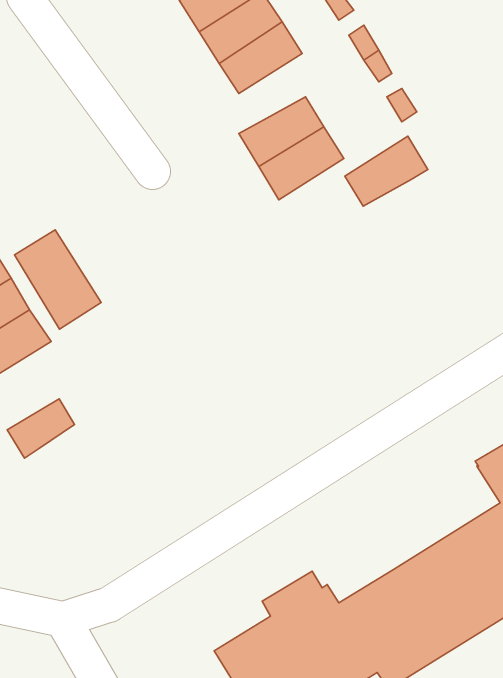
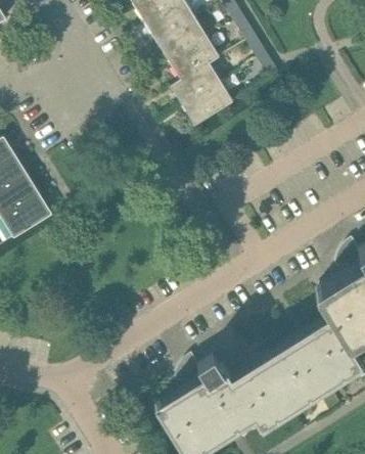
building: [345,136,428,206] -> [171,41,222,84]
building: [15,230,101,329] -> none
building: [7,399,75,458] -> none

